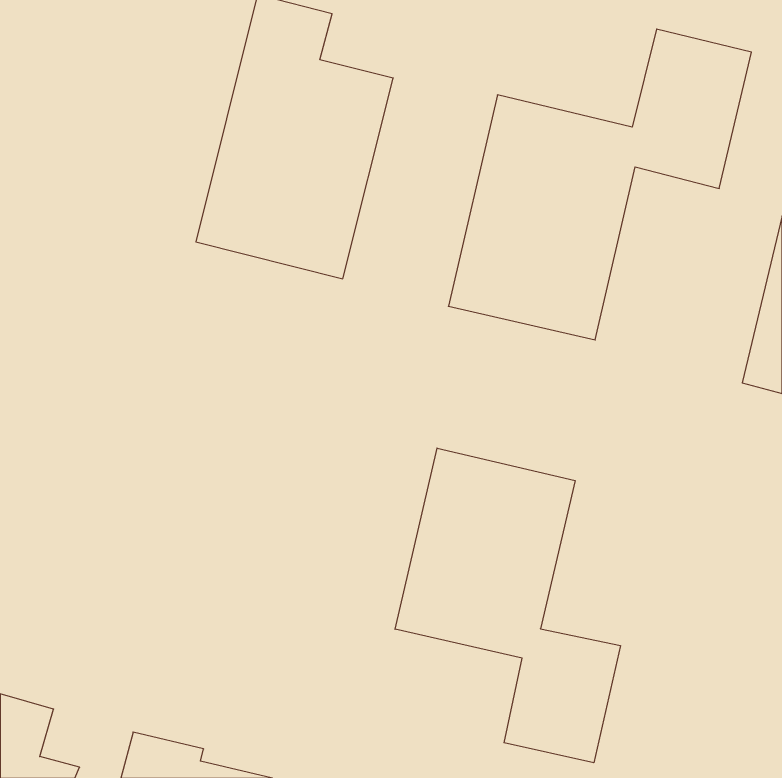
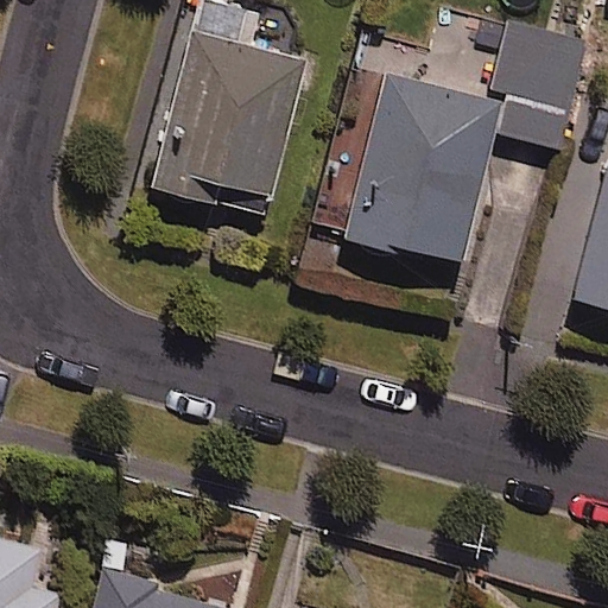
building: [395,448,620,763] -> none

